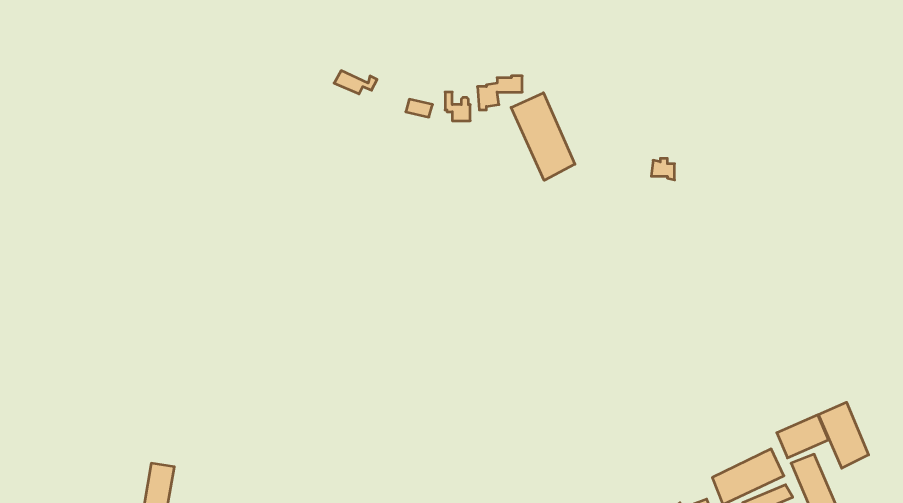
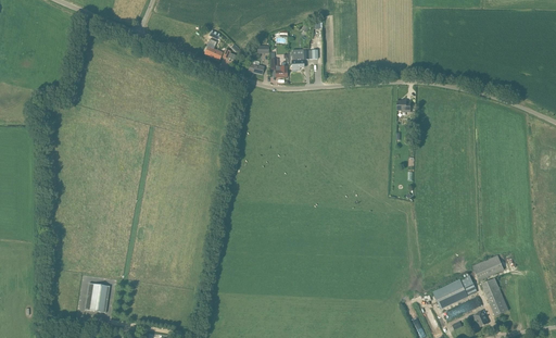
building: [511,93,575,180] -> none
building: [818,402,869,468] -> none

